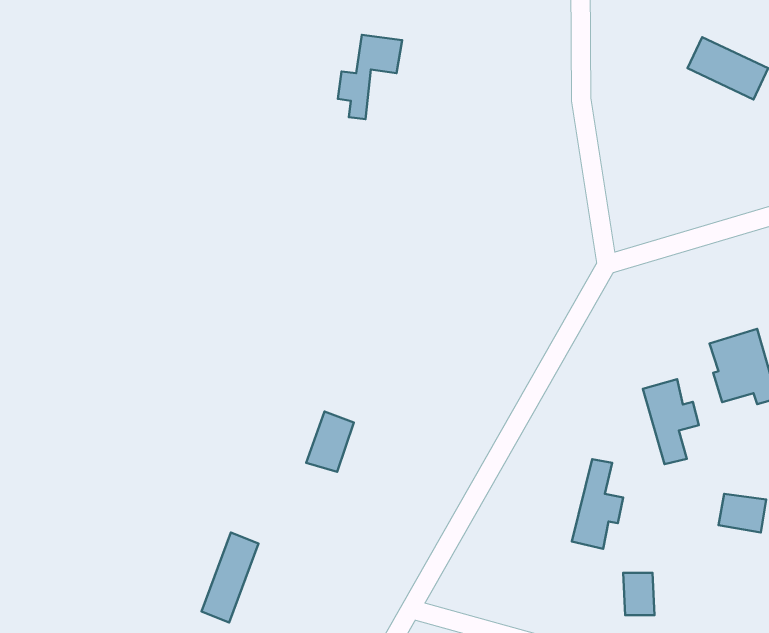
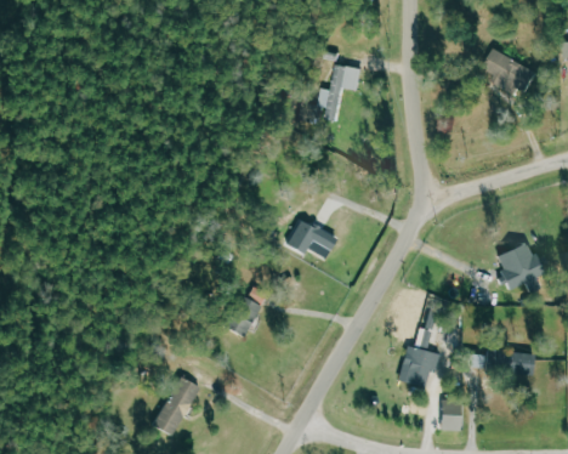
building: [338,35,402,119] -> [318,64,360,120]
building: none -> [286,217,335,257]
building: [643,379,699,464] -> none

